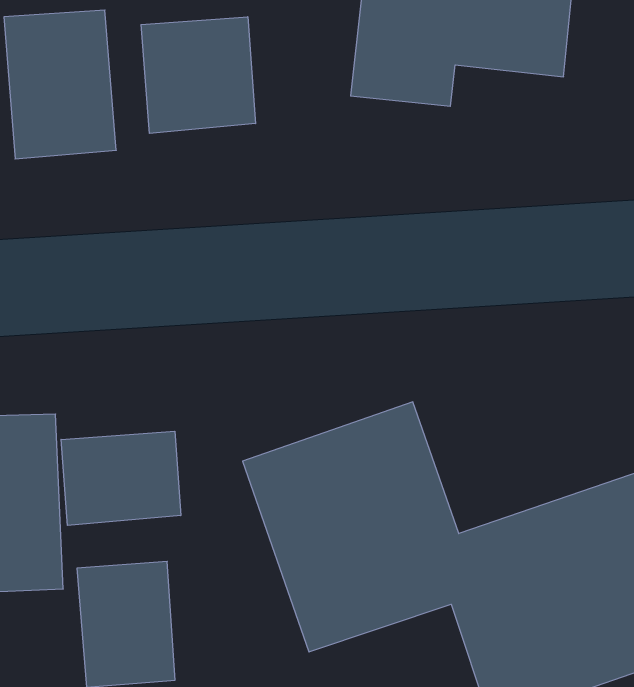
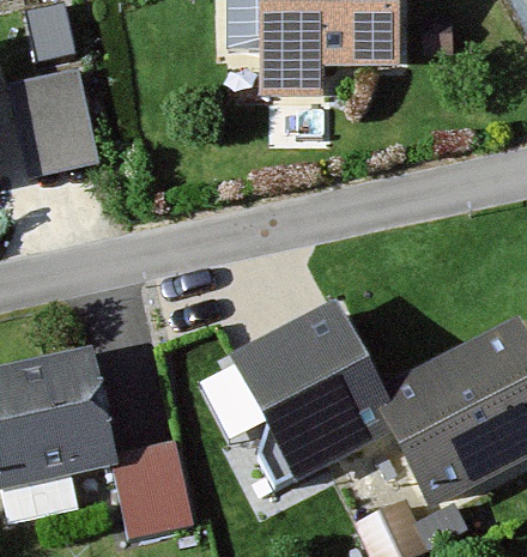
building: [141,17,256,133] -> none
building: [61,431,181,525] -> none

